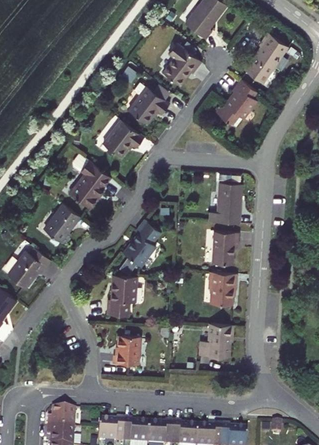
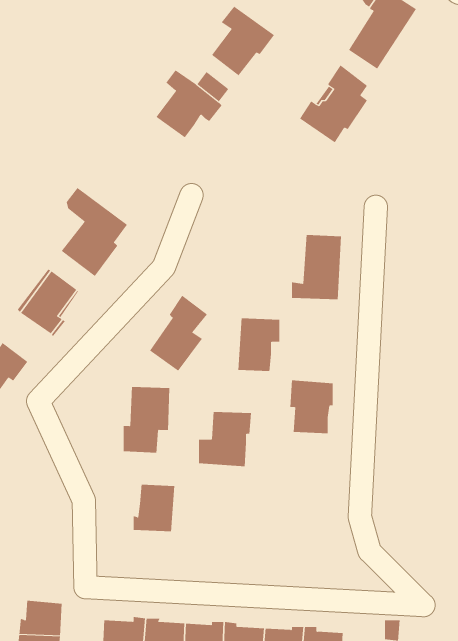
building: [102,121,142,158] -> none
building: [213,231,239,264] -> [238,318,280,372]
building: [201,324,234,358] -> [198,411,252,467]

